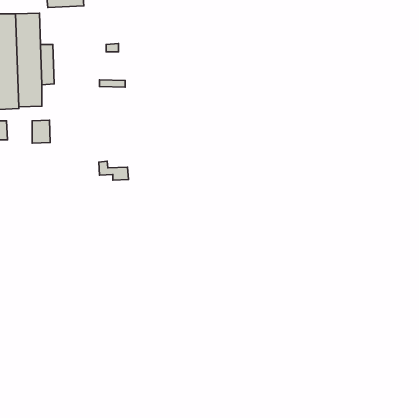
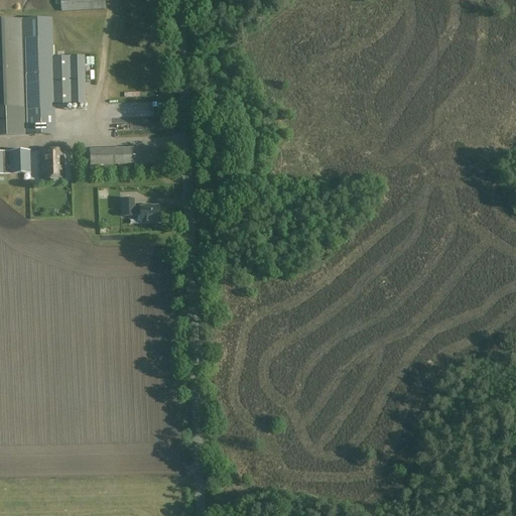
building: none -> [64,53,82,103]
building: none -> [87,145,155,164]
building: none -> [8,147,28,171]

